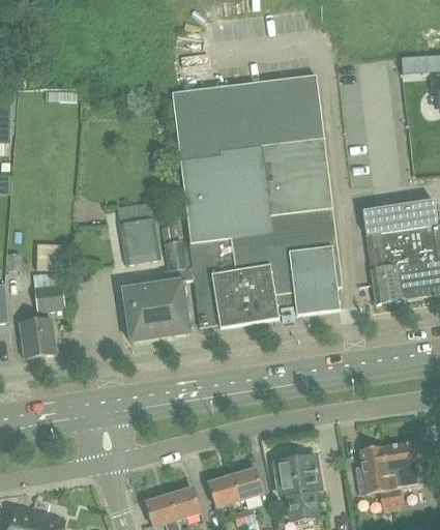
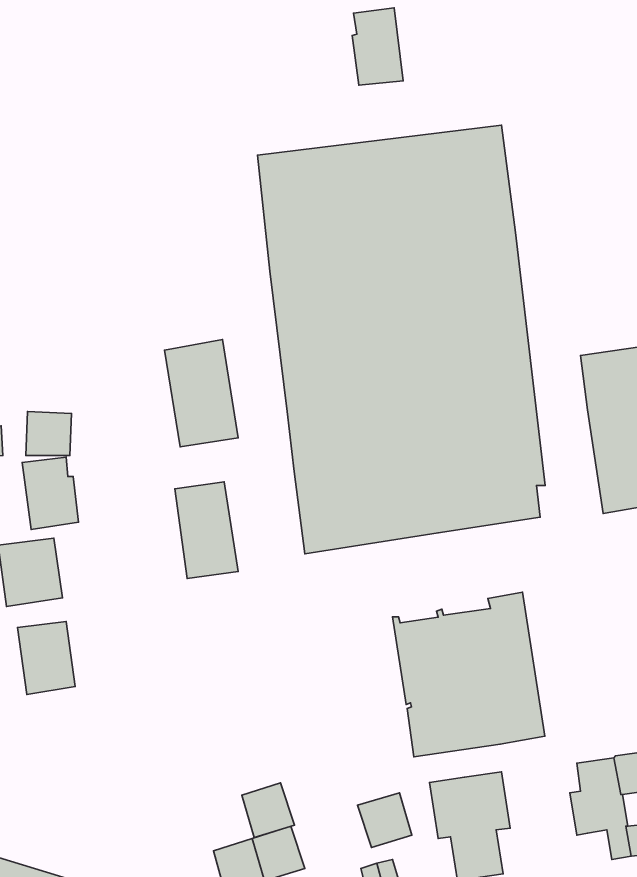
building: none -> [352,8,403,85]
building: [152,225,194,337] -> none
building: none -> [392,592,545,757]
building: none -> [17,621,75,694]
building: [208,475,239,507] -> [242,783,295,837]

